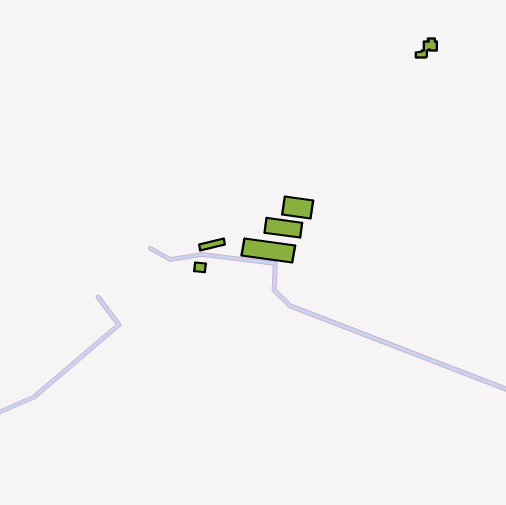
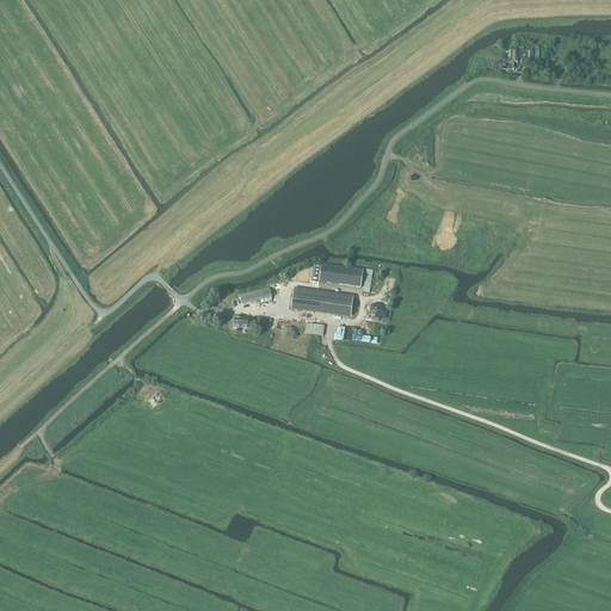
building: [282,197,313,219] -> none

